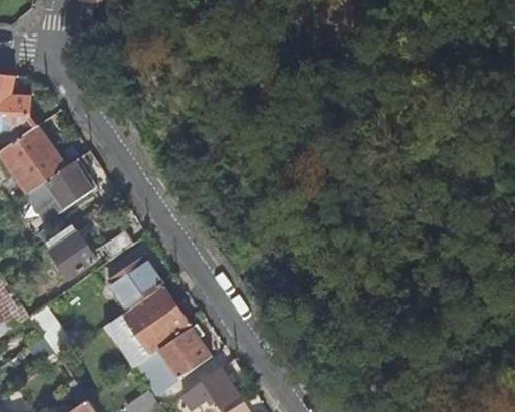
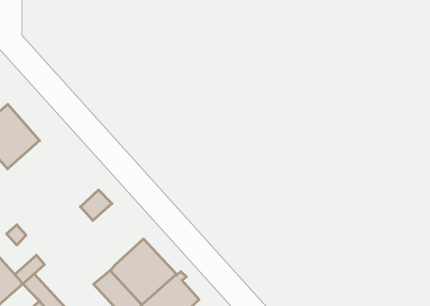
building: [28,151,104,220] -> none
building: [46,224,95,277] -> none
building: [107,257,161,308] -> none

